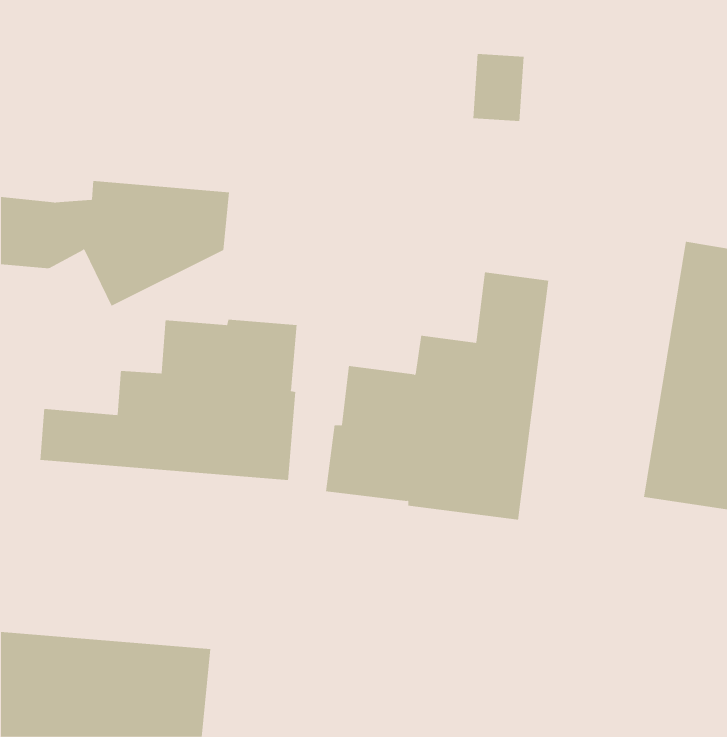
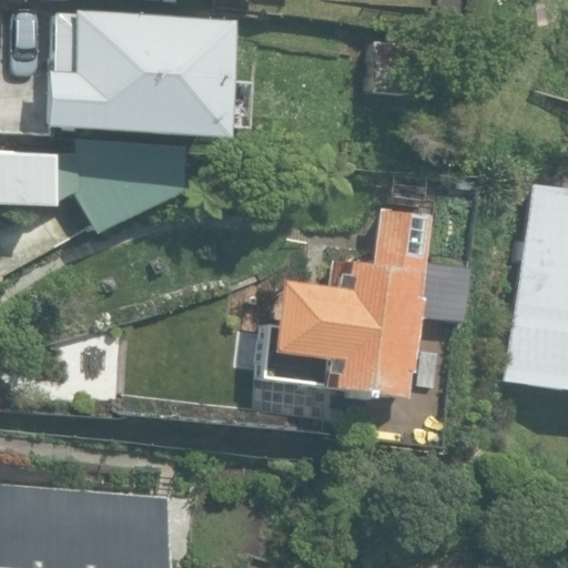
building: none -> [43,11,224,141]
building: [40,319,297,481] -> none

